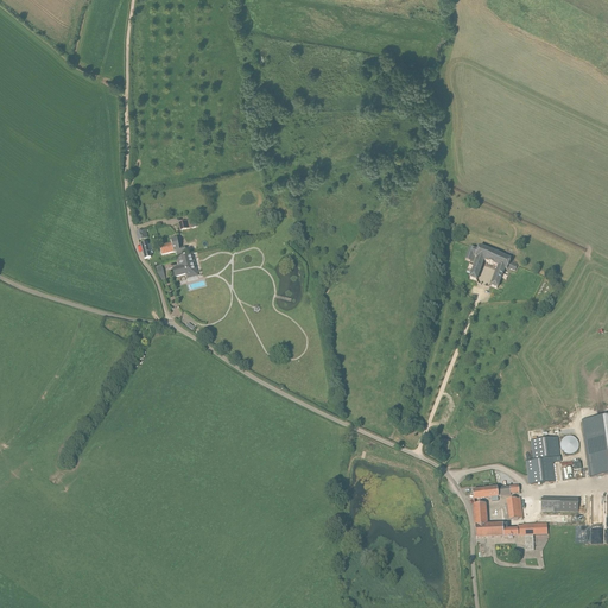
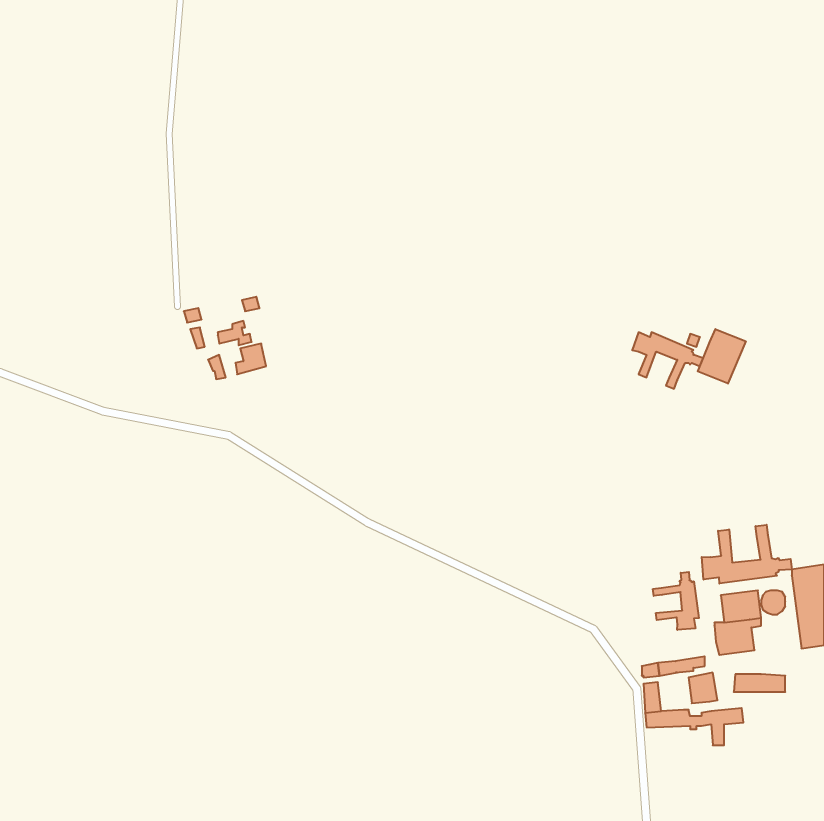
building: none -> [698,329,746,384]
building: none -> [702,525,792,584]
building: none -> [653,572,699,630]

